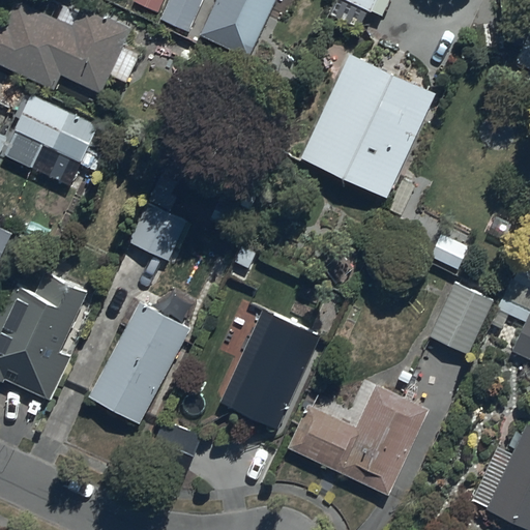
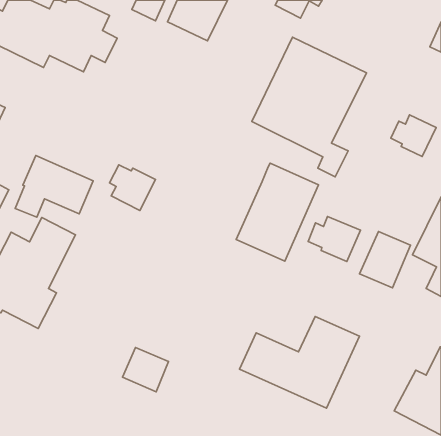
building: [4,94,97,168] -> [15,156,93,217]
building: none -> [391,115,436,157]
building: none -> [308,216,360,262]
building: [88,300,192,423] -> none
building: [220,310,319,426] -> [236,163,319,261]

